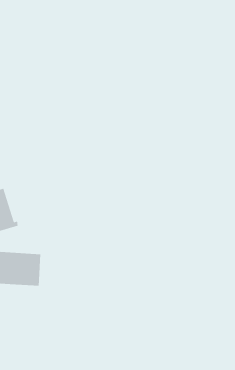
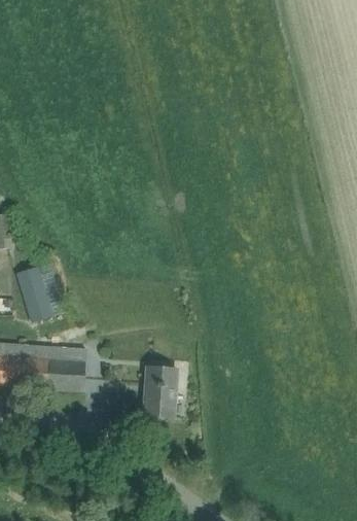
building: none -> [145,367,178,417]

